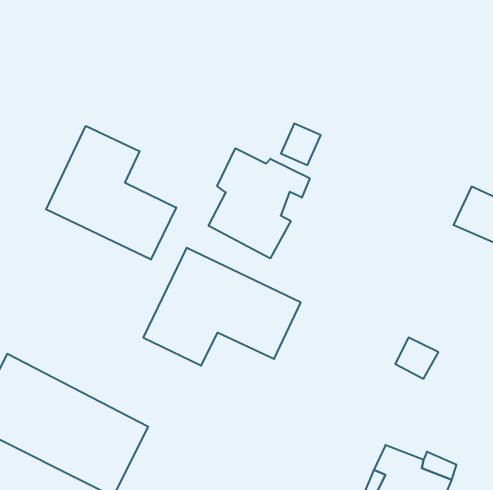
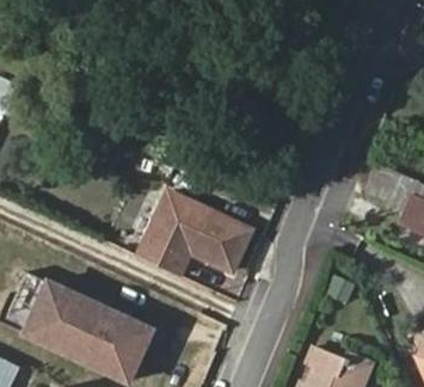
building: [46,126,176,260] -> none
building: [209,148,310,258] -> none

